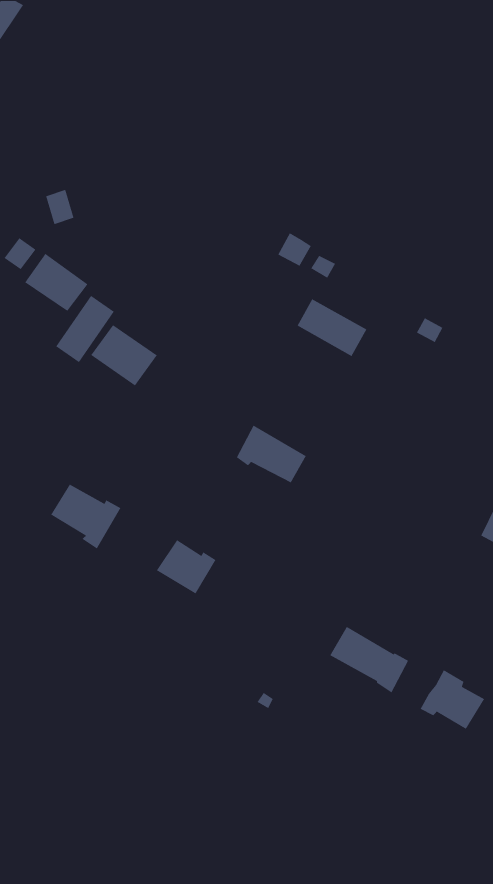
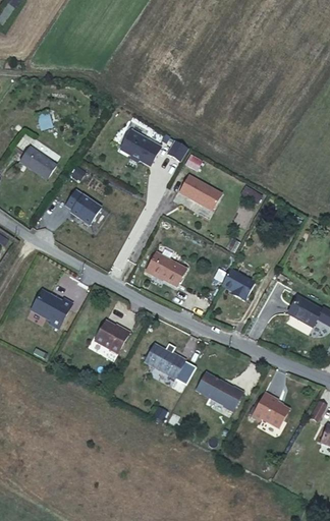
building: none -> [120,126,162,163]
building: [55,295,115,363] -> none
building: none -> [218,269,254,302]
building: none -> [146,341,188,378]

